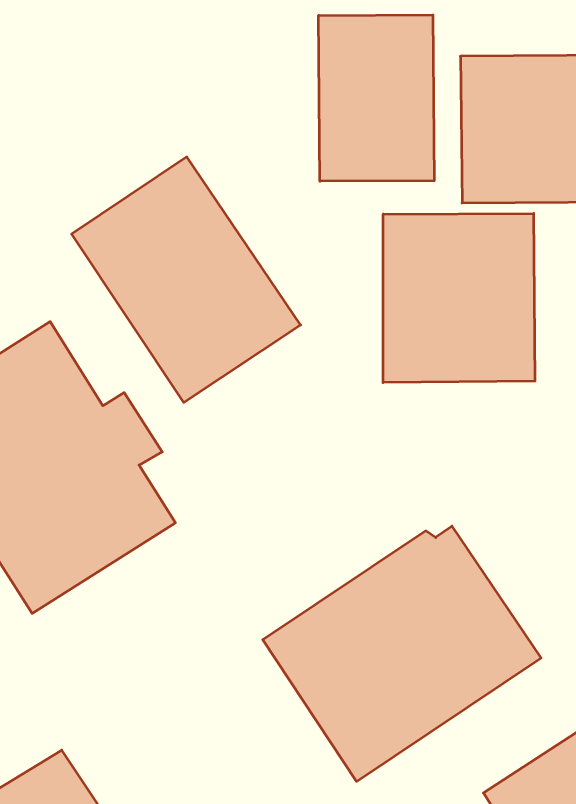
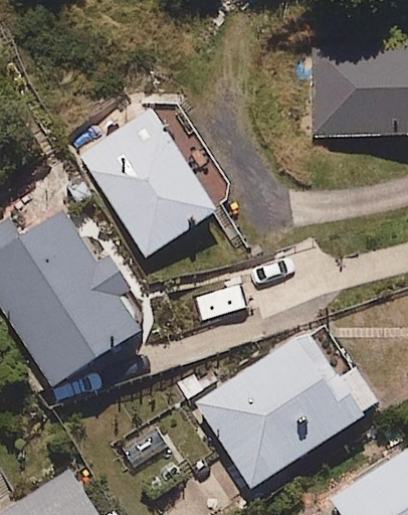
building: [319,15,434,181] -> none
building: [383,213,535,383] -> none

